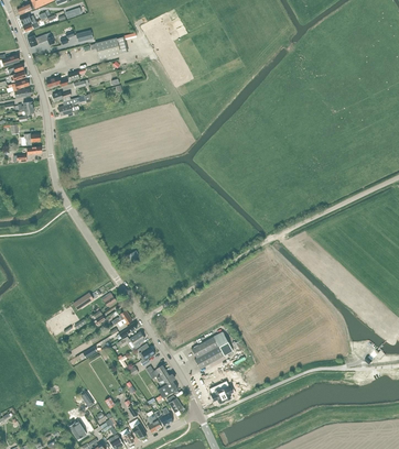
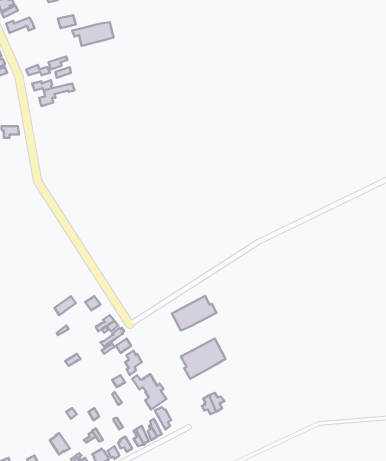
building: none -> [172,296,216,331]

